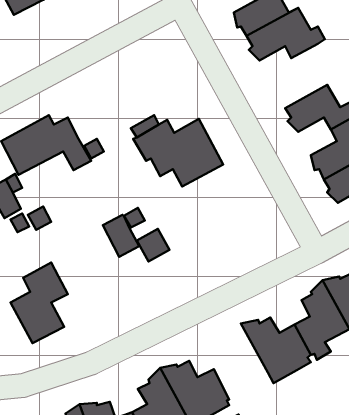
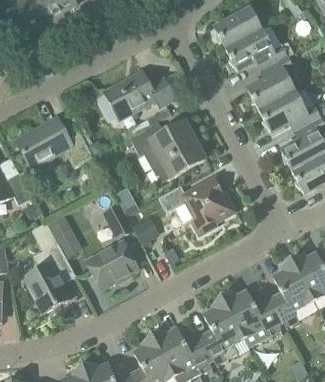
building: none -> [248,56,297,111]
building: none -> [104,71,175,119]
building: none -> [159,180,231,234]
building: none -> [47,212,82,255]
building: none -> [86,241,138,289]
building: none -> [198,295,244,363]

